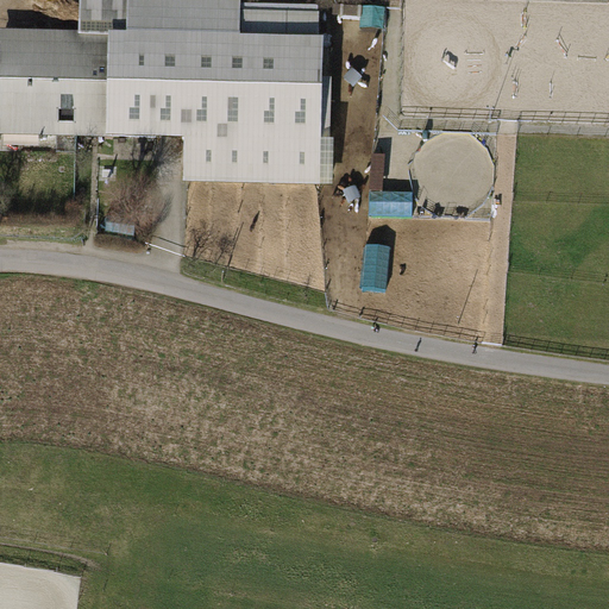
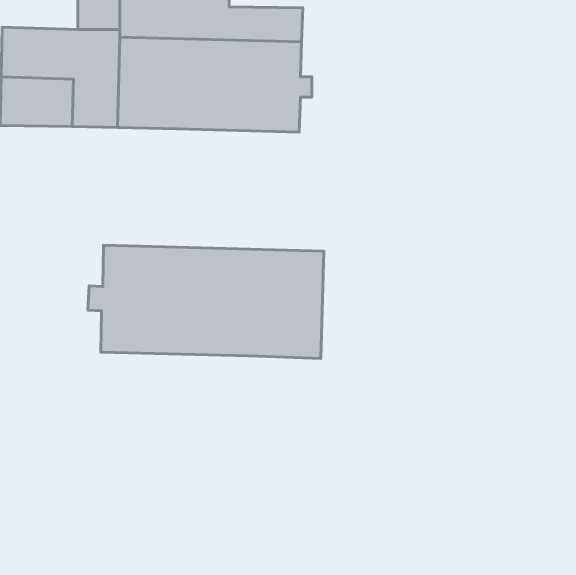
building: [186,136,315,182] -> none
building: none -> [88,245,324,358]

